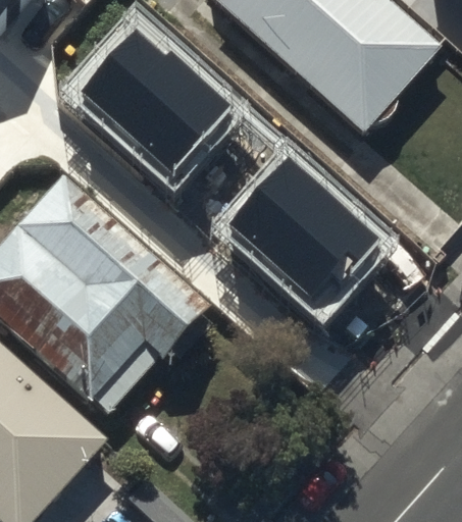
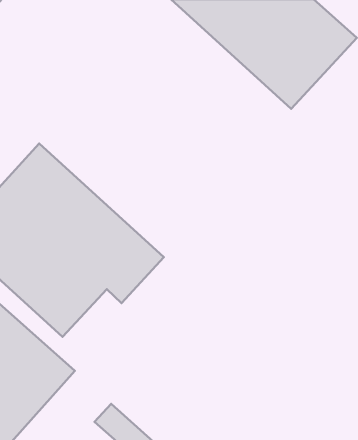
building: [81,23,233,173] -> none
building: [230,161,381,310] -> none

